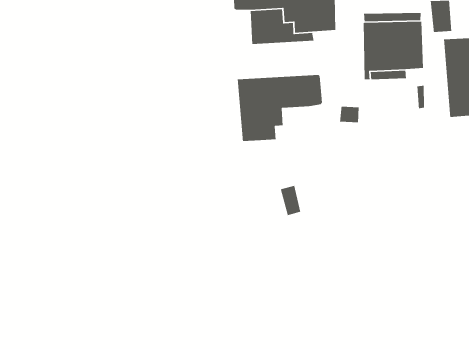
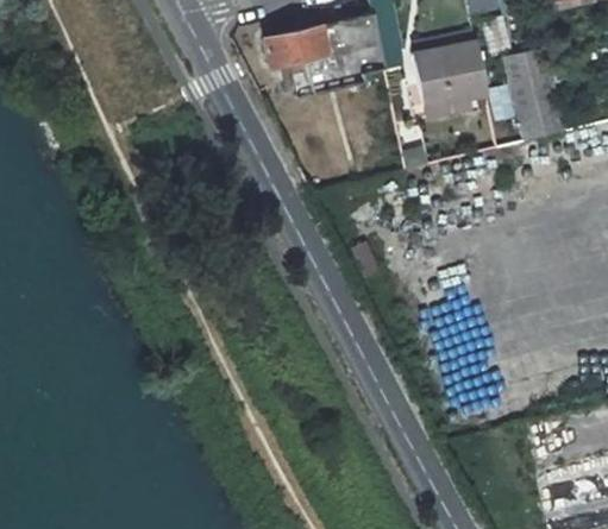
building: [237,74,323,142] -> none

